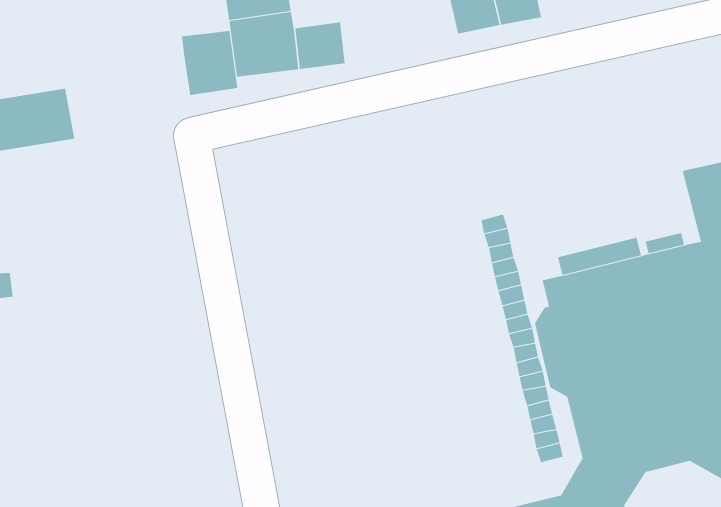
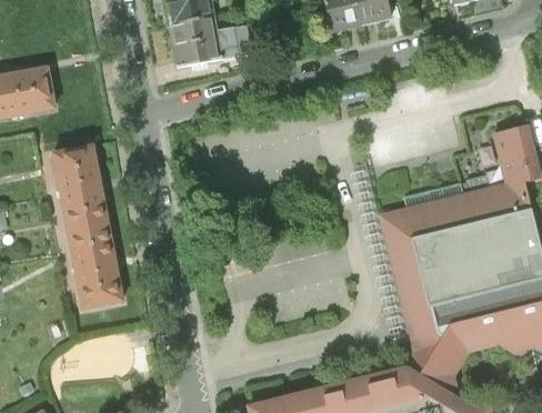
building: [182,30,238,96] -> none
building: none -> [44,132,121,305]

